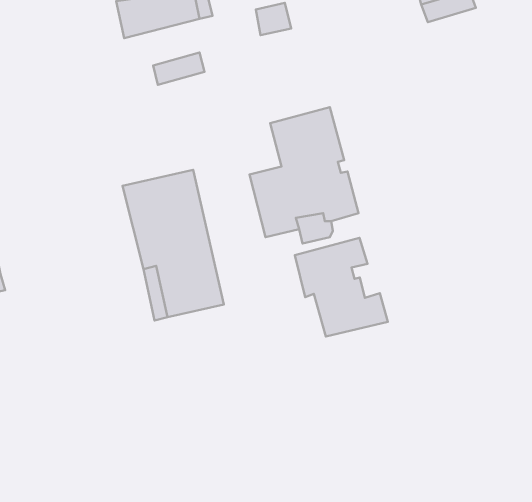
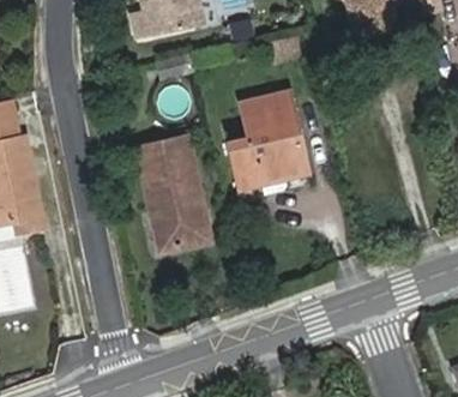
building: [295,238,388,336] -> none

